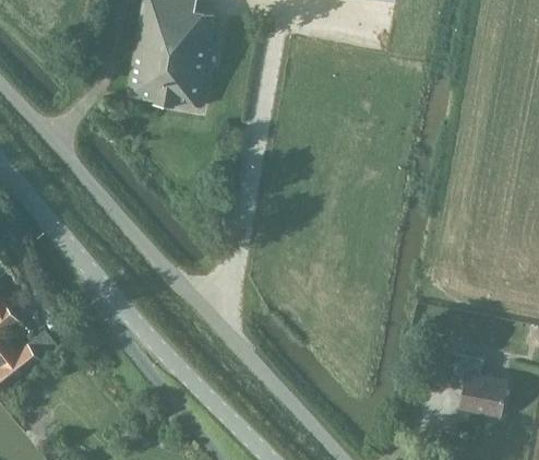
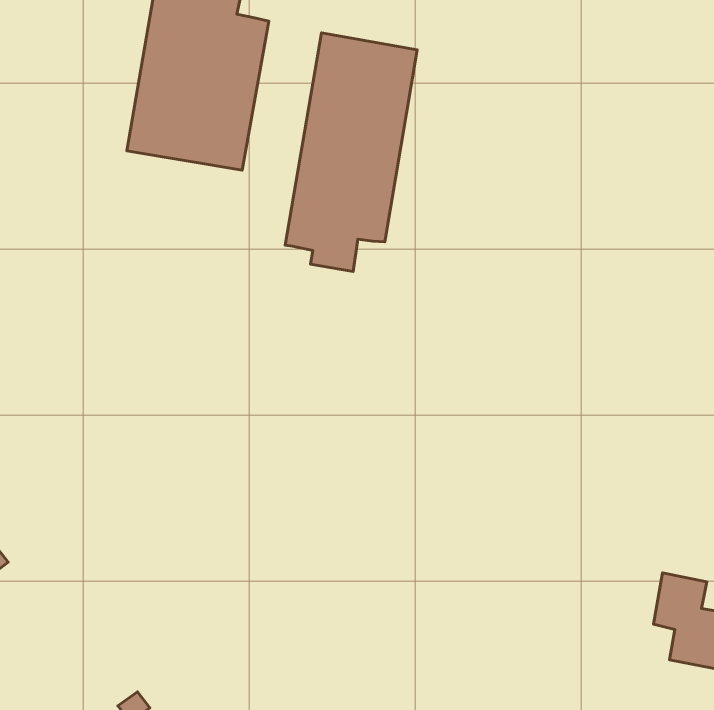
building: none -> [285,33,417,272]

